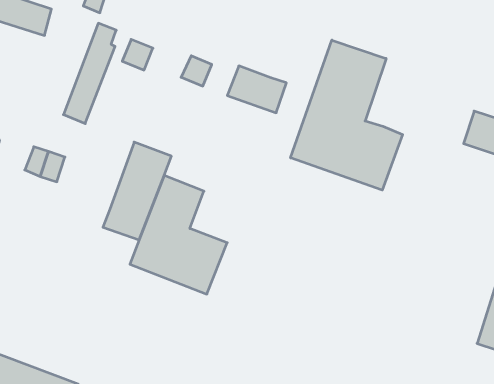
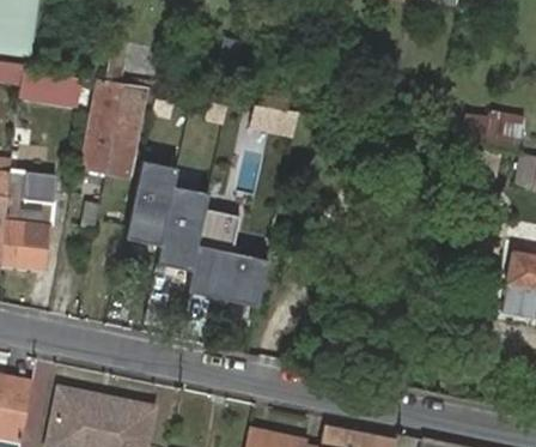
building: none -> [81,80,124,170]
building: [291,40,403,190] -> none
building: none -> [124,159,177,247]

